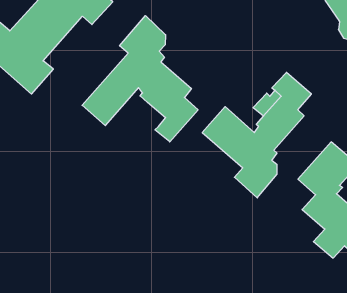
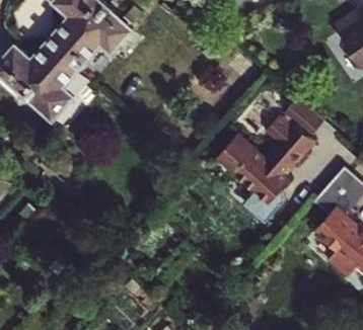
building: [82,16,198,142] -> none

